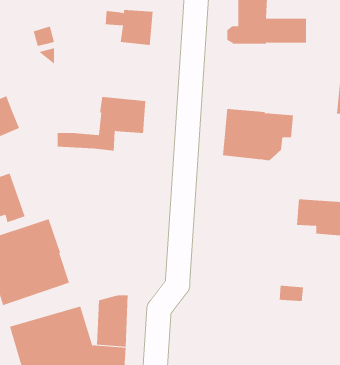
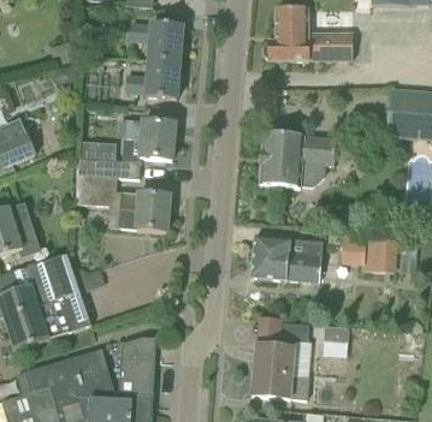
building: none -> [124,58,179,97]
building: none -> [75,173,170,231]
building: none -> [248,234,322,280]
building: none -> [251,322,310,399]

